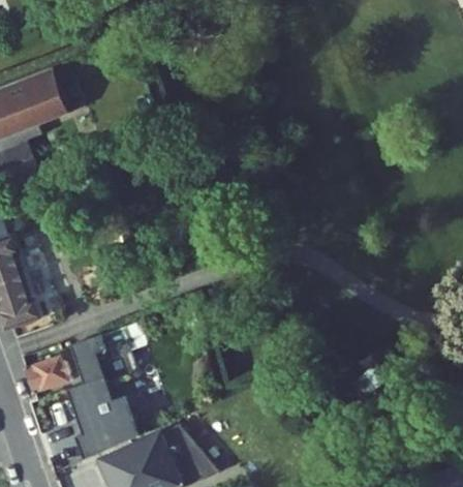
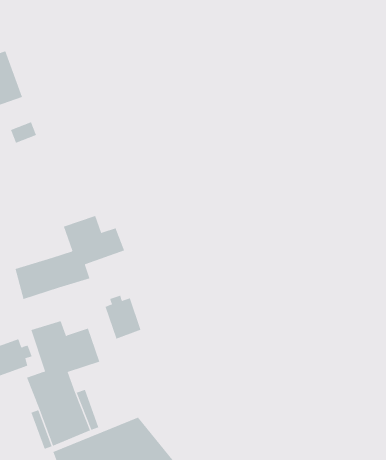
building: none -> [15,215,125,300]
building: none -> [105,295,141,340]

